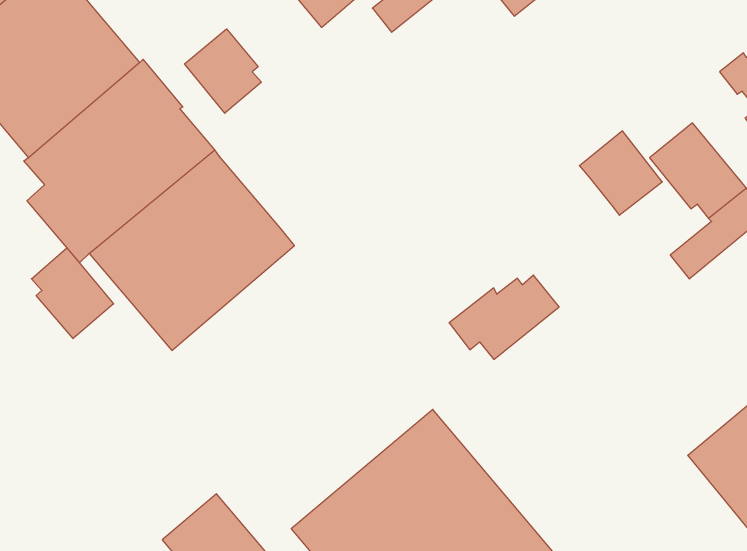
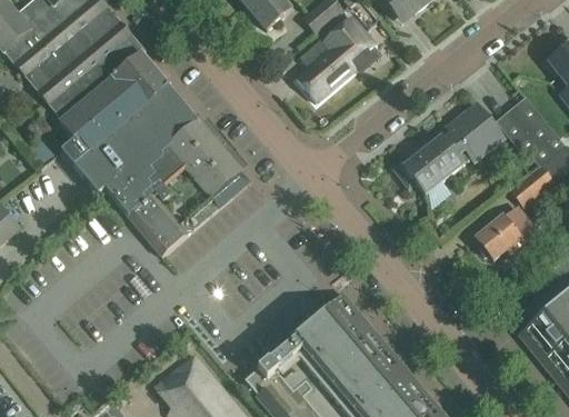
building: none -> [296,16,375,100]
building: [185,29,261,113] -> none
building: [31,248,114,339] -> none
building: [449,275,559,359] -> [393,133,470,192]
building: none -> [476,205,542,259]

